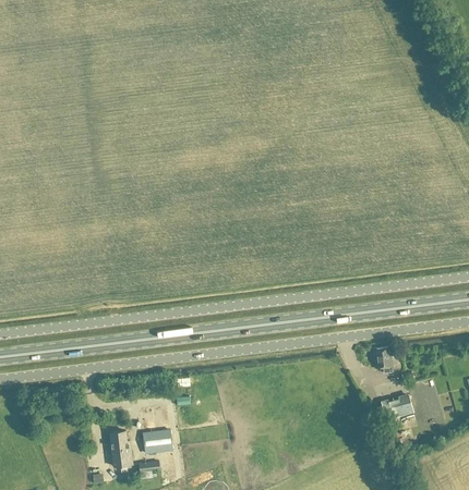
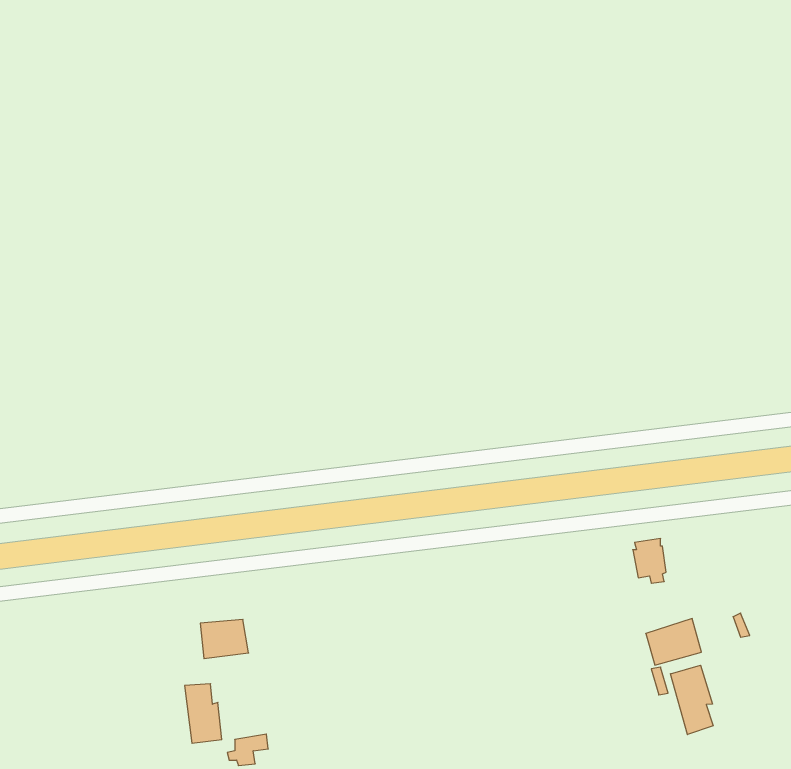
building: none -> [670,665,713,735]
building: [145,429,173,452] -> [200,619,249,659]

